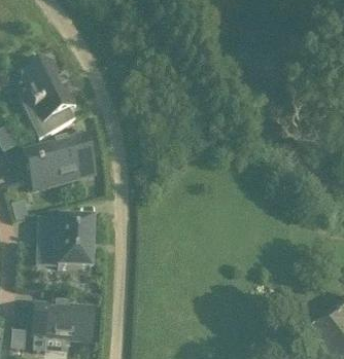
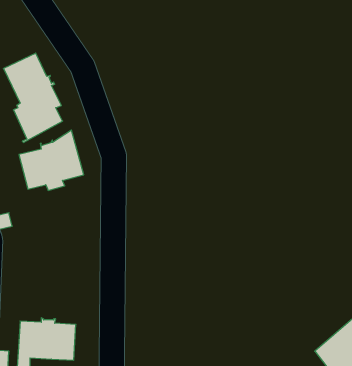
building: [37,217,92,267] -> none

